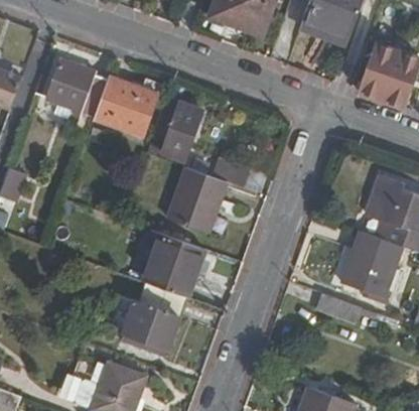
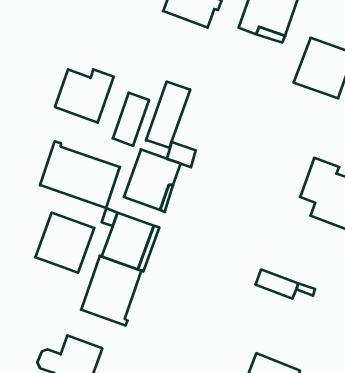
building: [48,57,110,120] -> none
building: none -> [146,82,190,148]
building: none -> [40,141,120,208]
building: [338,232,398,304] -> none
building: none -> [35,213,94,273]

